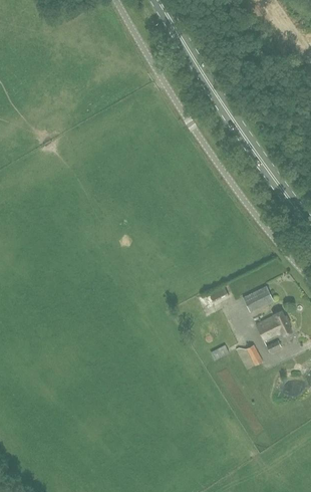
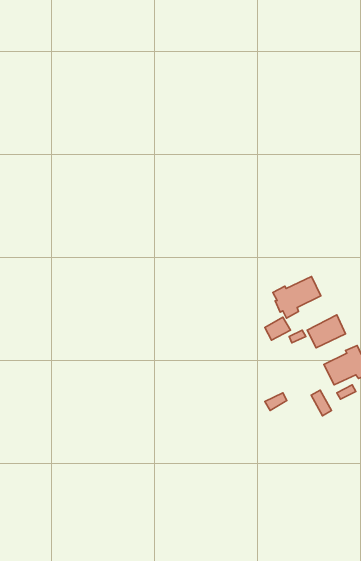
building: none -> [273,276,321,318]

